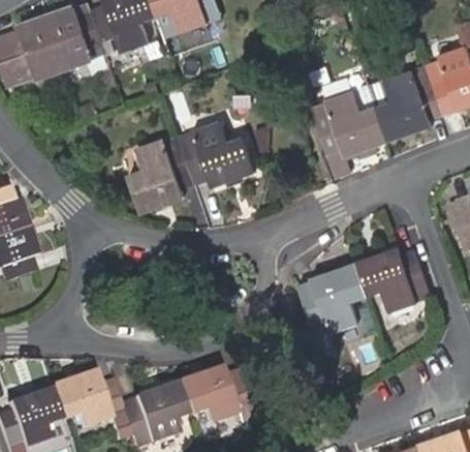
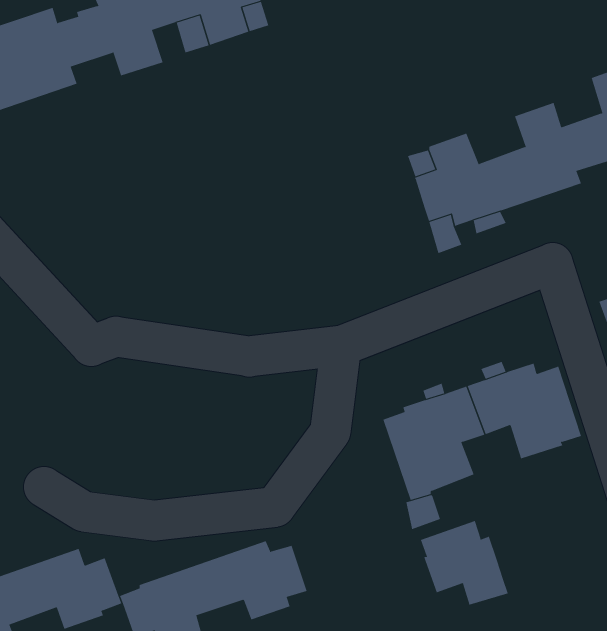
building: [129,120,256,211] -> none
building: none -> [420,520,509,605]

